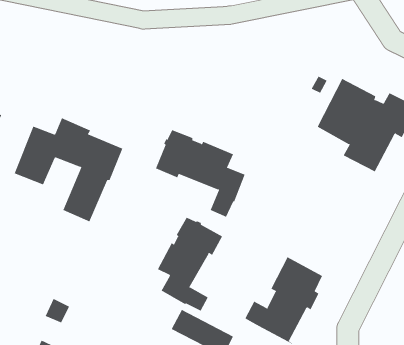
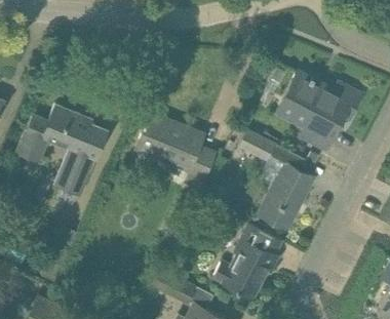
building: none -> [237,129,312,229]
building: [157,217,223,311] -> none

